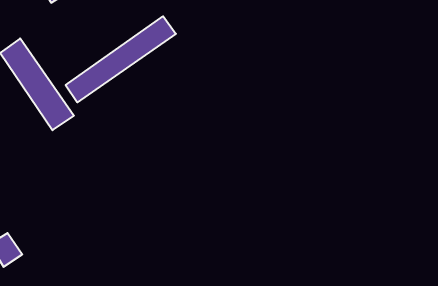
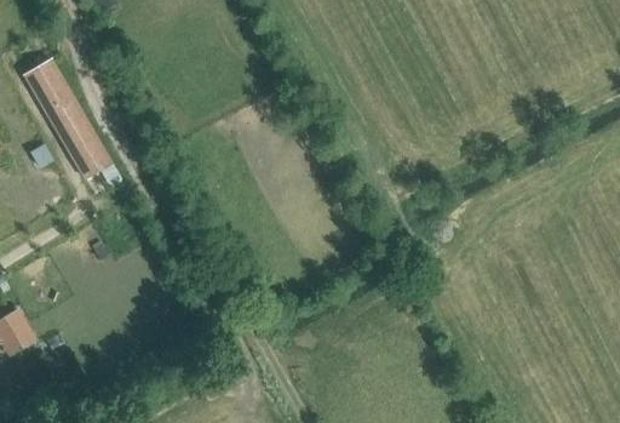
building: [66,16,176,102] -> none

